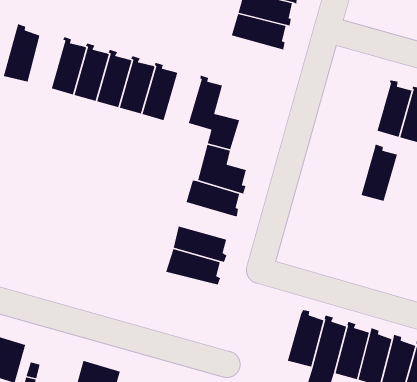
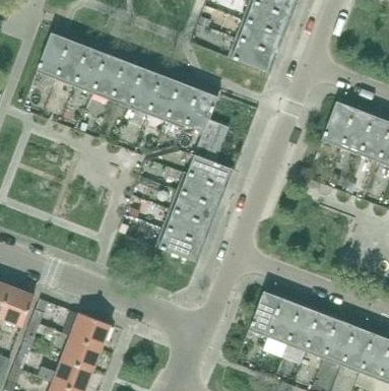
building: none -> [56,37,89,86]
building: none -> [166,79,199,129]
building: [360,144,398,202] -> [321,99,355,147]
building: none -> [169,191,215,225]

